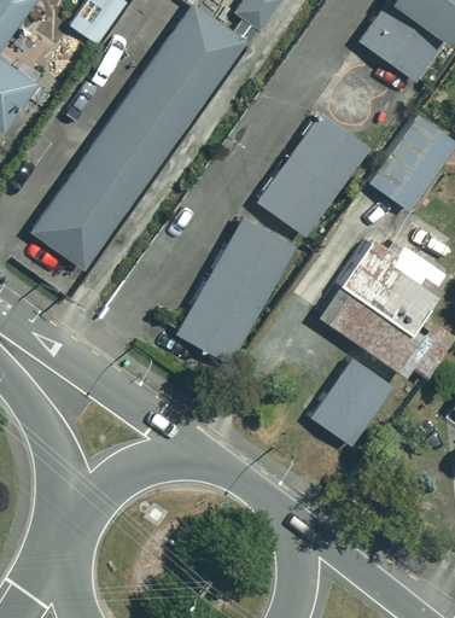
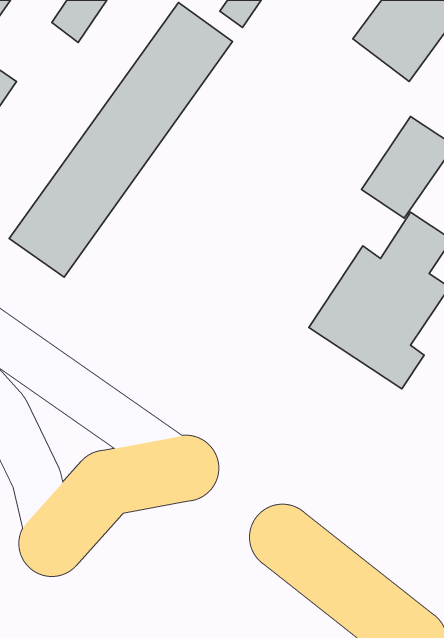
building: [257,113,368,235] -> none
building: [176,216,296,365] -> none
building: [310,358,391,444] -> none

